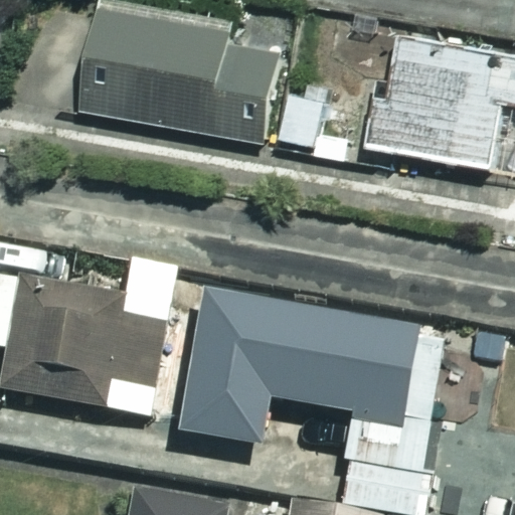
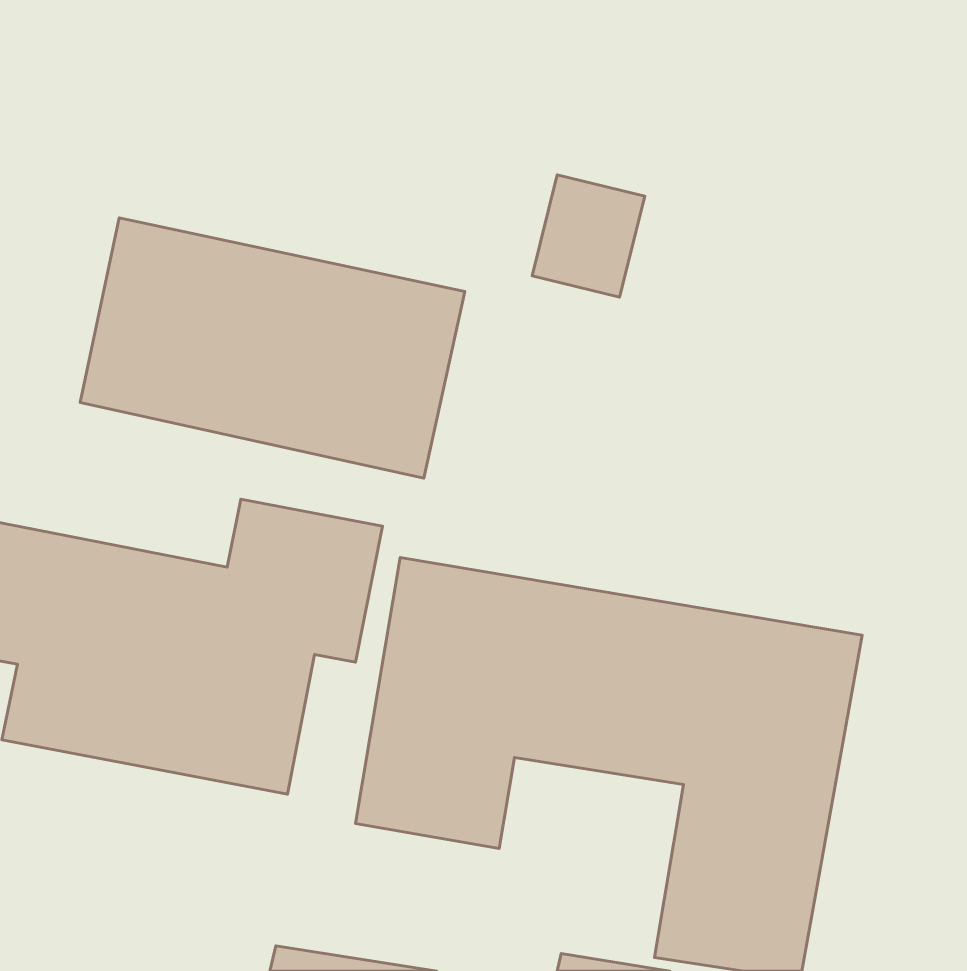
building: [79,10,279,145] -> [80,218,465,478]
building: [364,45,497,170] -> none

